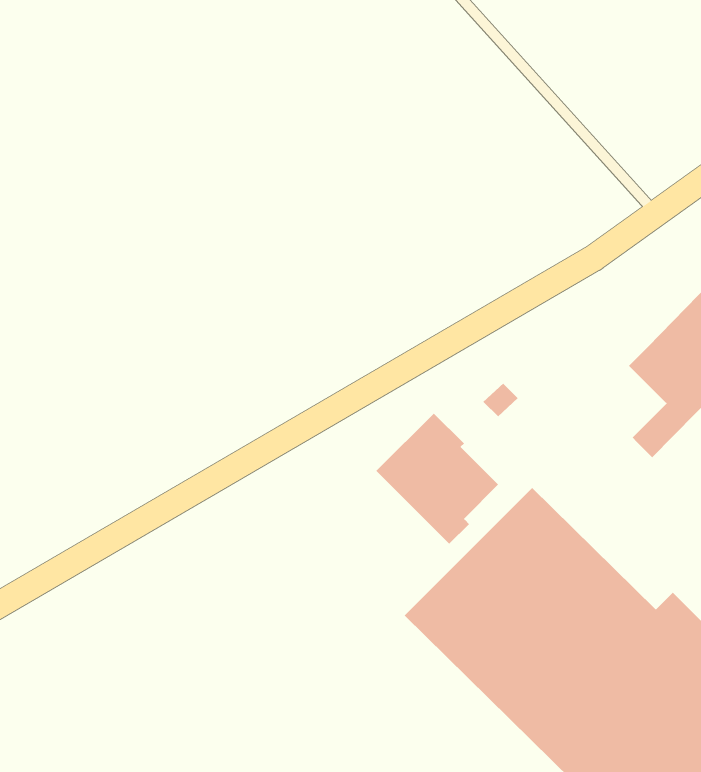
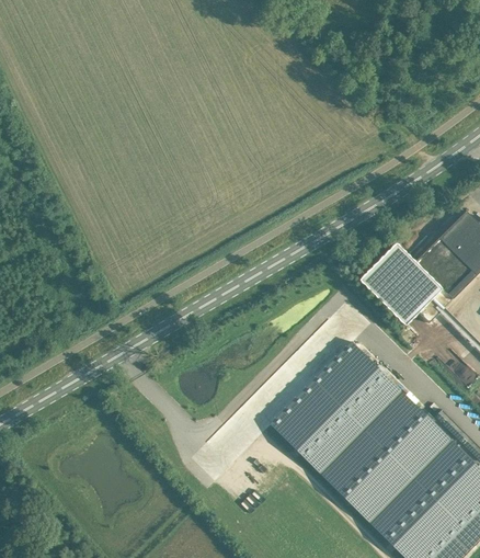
building: [376,413,499,545] -> [359,242,438,327]

